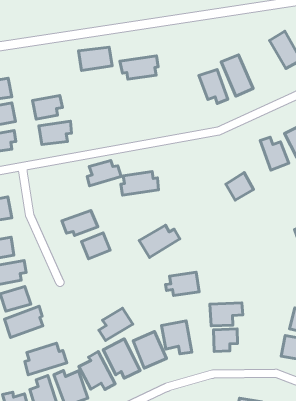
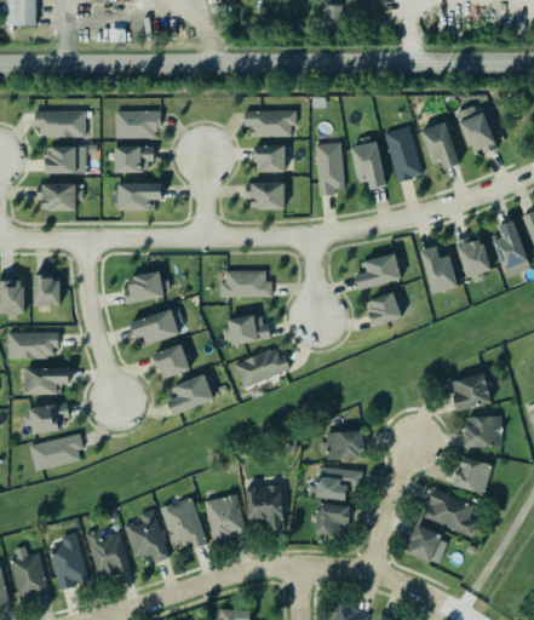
building: [78,47,112,70] -> [115,110,159,138]
building: none -> [420,122,459,170]
building: none -> [316,143,343,194]
building: none -> [254,145,285,172]
building: none -> [251,183,285,209]
building: none -> [355,253,401,289]
building: [87,161,121,186] -> [124,271,171,302]
building: none -> [226,312,268,345]
building: [166,272,199,296] -> [318,431,363,459]
building: [99,308,133,340] -> [166,374,214,415]
building: [25,343,67,375] -> none

